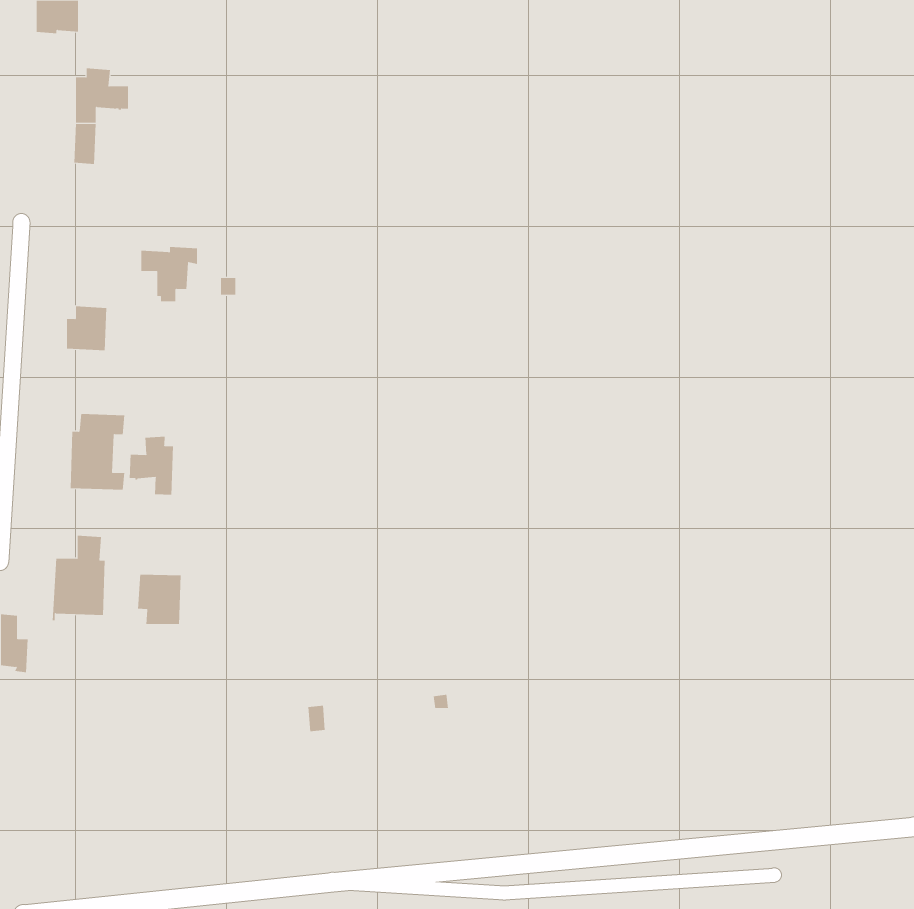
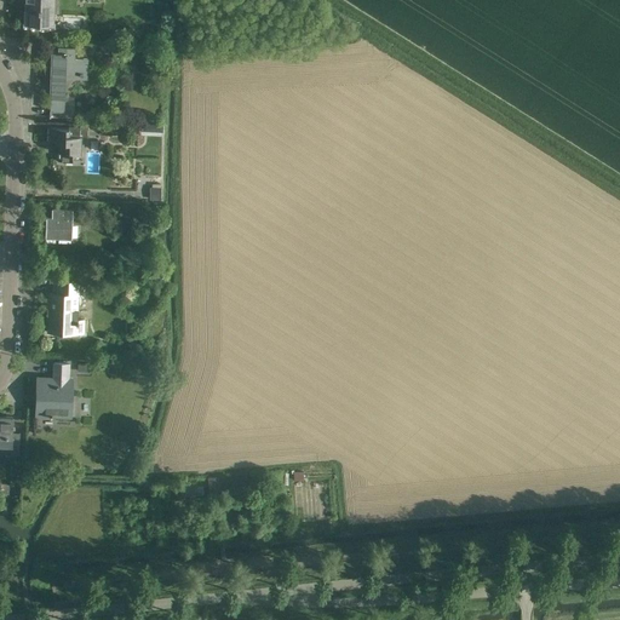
building: [141,247,198,302] -> [48,128,87,166]
building: [129,436,173,495] -> none
building: [137,574,181,625] -> none

